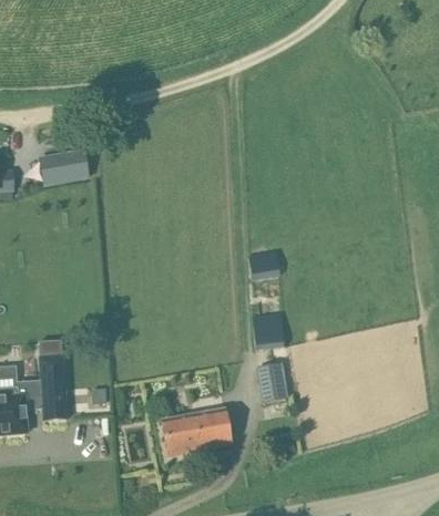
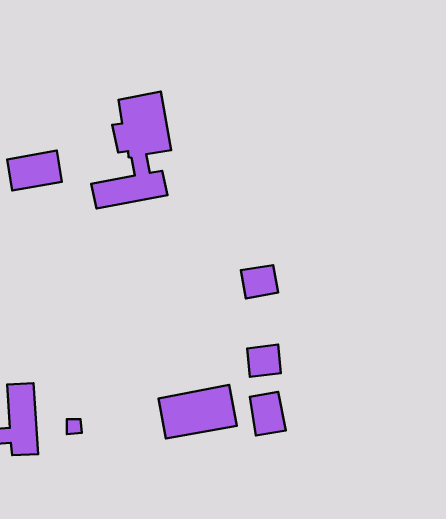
building: none -> [91,92,171,208]
building: [161,407,231,455] -> [158,385,237,438]

